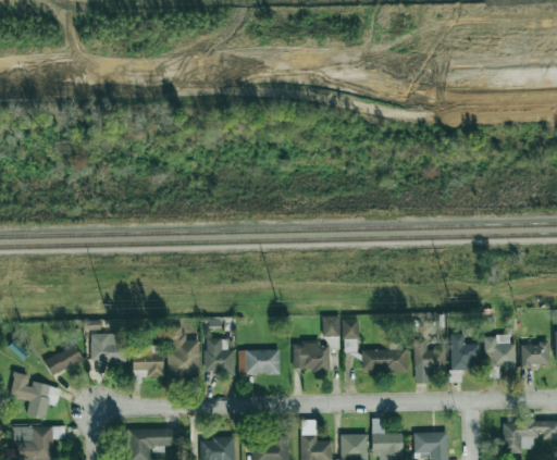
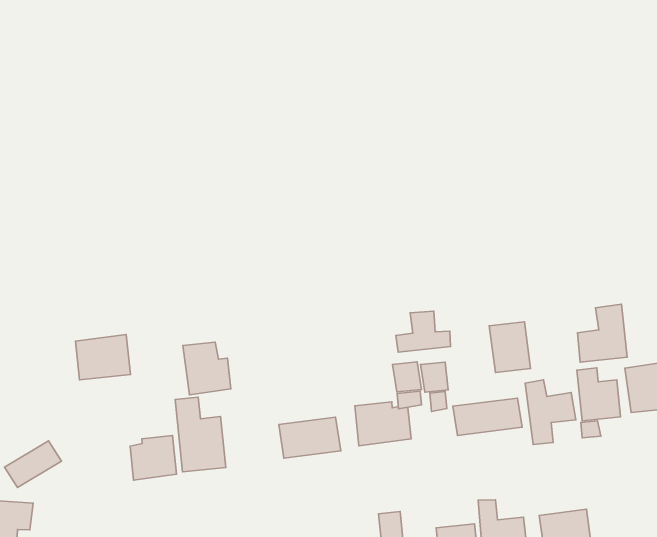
building: none -> [396,311,450,352]
building: none -> [577,304,627,362]
building: none -> [489,322,531,372]
building: [90,333,126,361] -> [76,334,130,380]
building: [205,338,235,373] -> [183,342,231,395]

